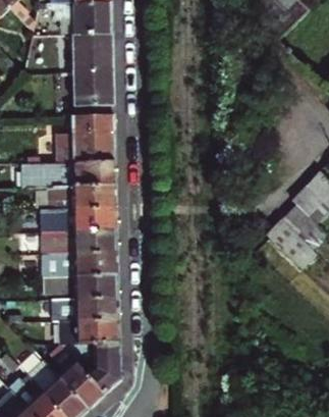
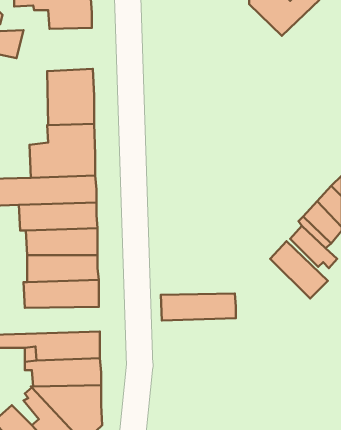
building: [70,34,111,71] -> none
building: [52,276,117,300] -> [161,294,236,321]

